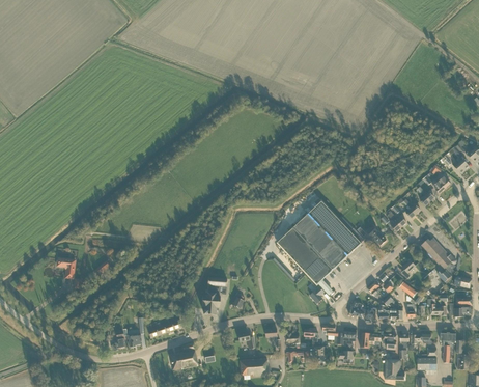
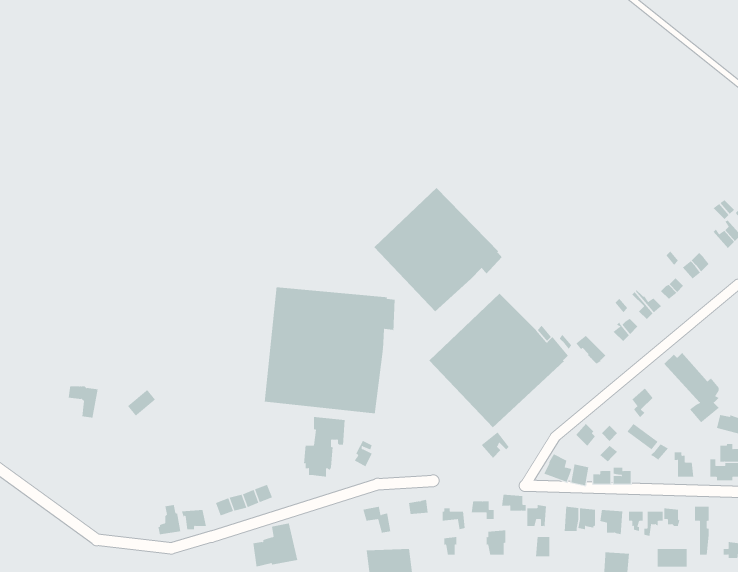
building: none -> [374,187,503,312]
building: none -> [264,286,395,414]

